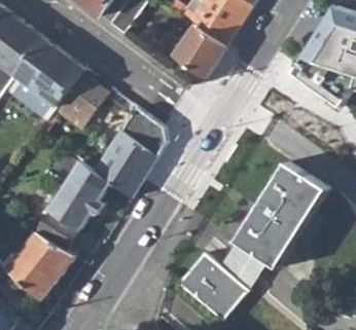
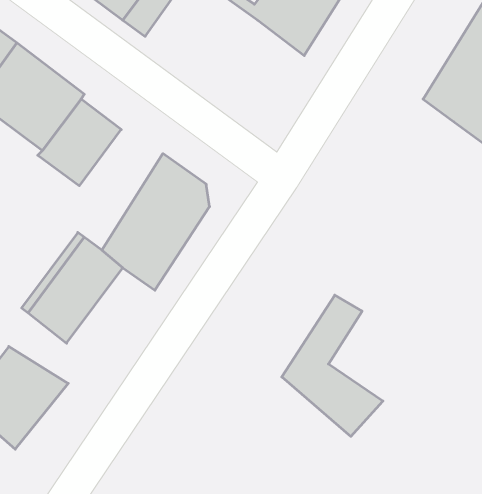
building: [172,24,223,78] -> none
building: [239,164,331,270] -> none
building: [182,252,253,322] -> none

